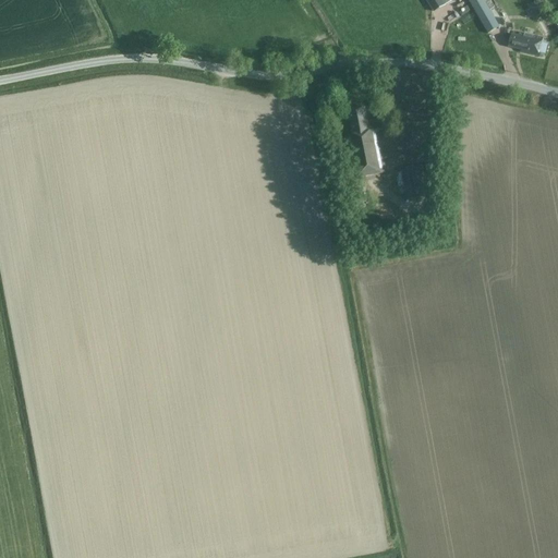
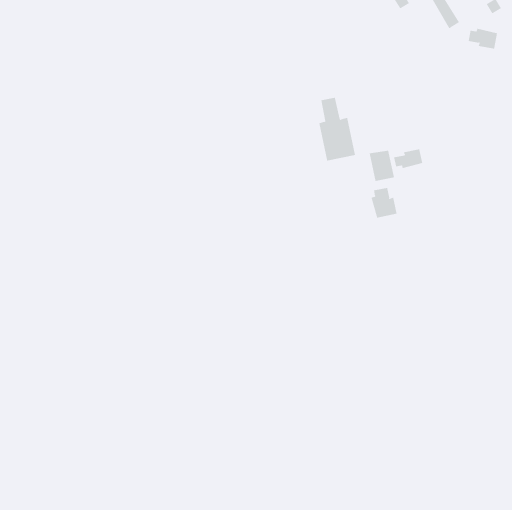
building: none -> [394,149,423,169]
building: none -> [371,187,397,219]

